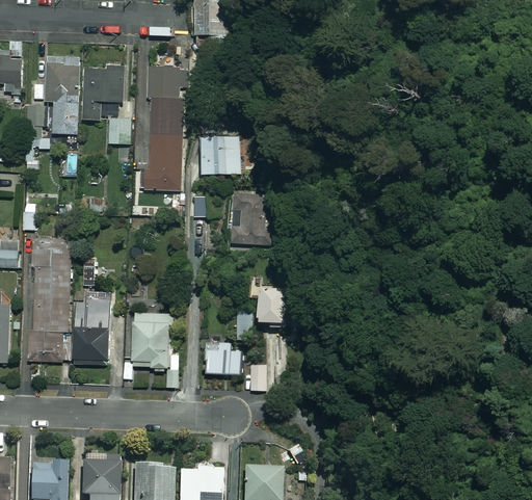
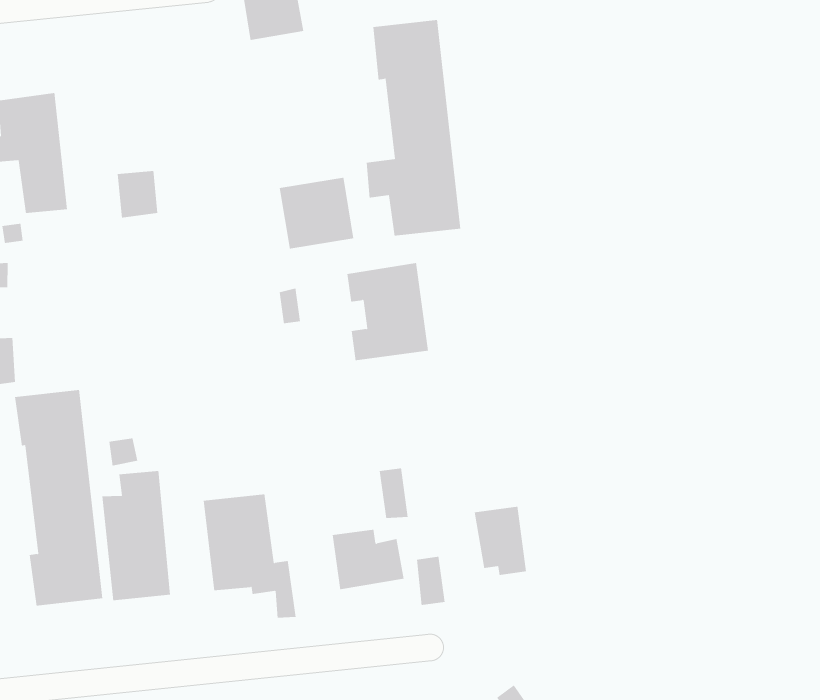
building: [132,67,186,190] -> [366,20,461,236]
building: [82,68,123,119] -> none
building: [259,288,285,326] -> [474,506,527,575]

